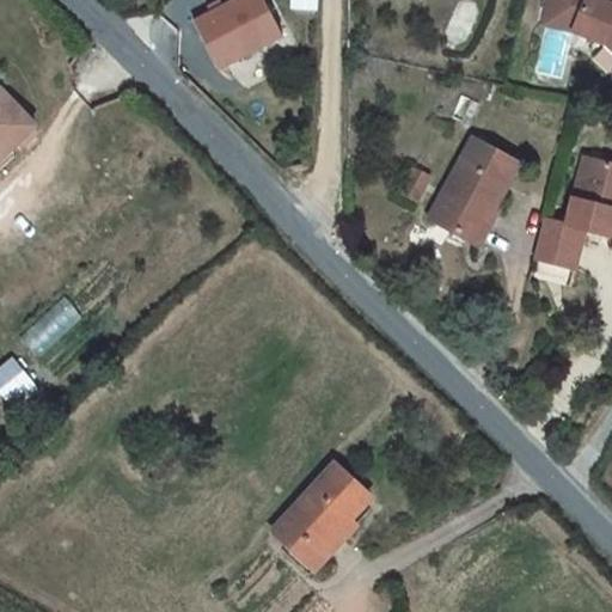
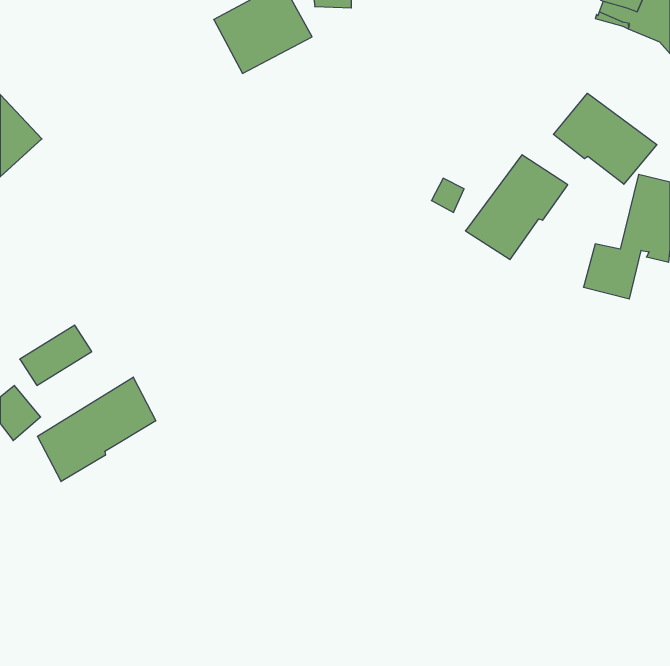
building: none -> [553,93,657,184]
building: none -> [37,377,156,482]
building: [268,465,363,576] -> none

